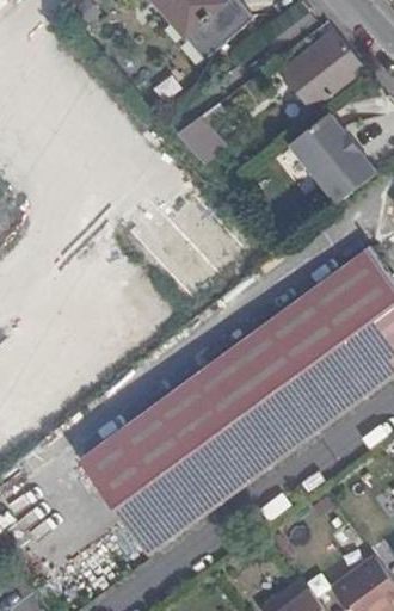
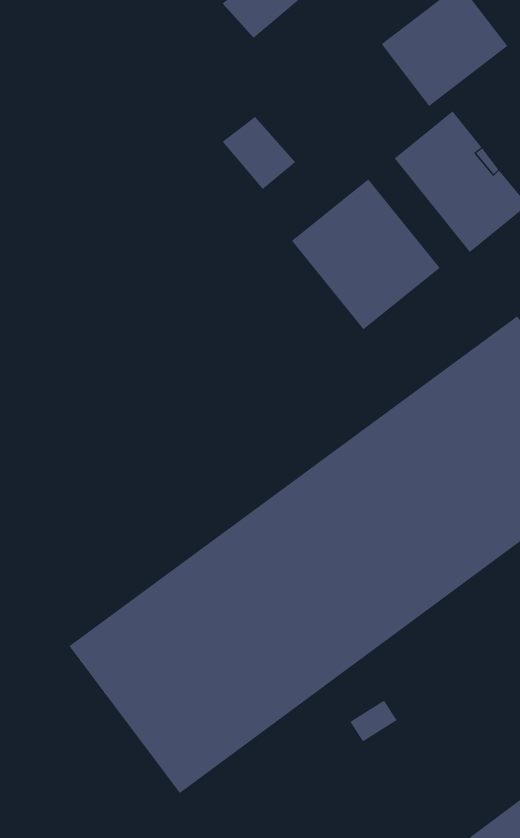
building: none -> [291,179,440,330]

